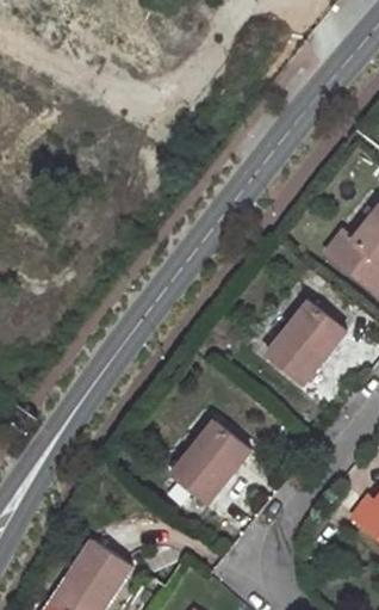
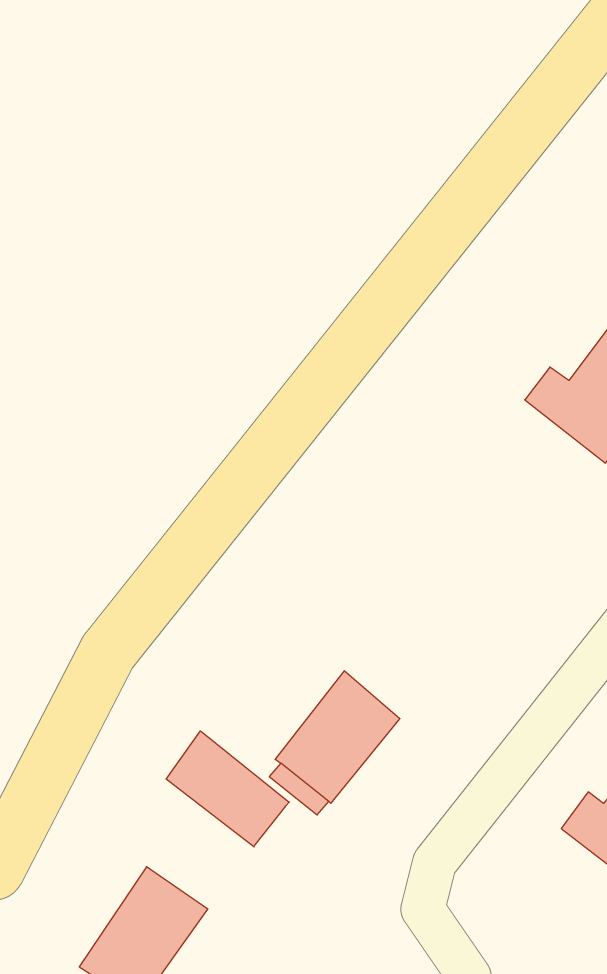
building: [267,302,343,382] -> none
building: none -> [166,731,289,847]

